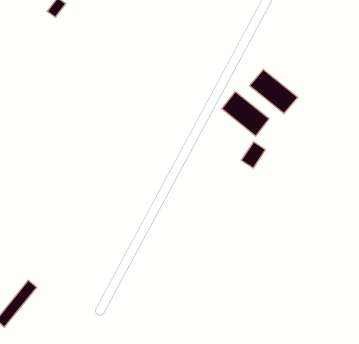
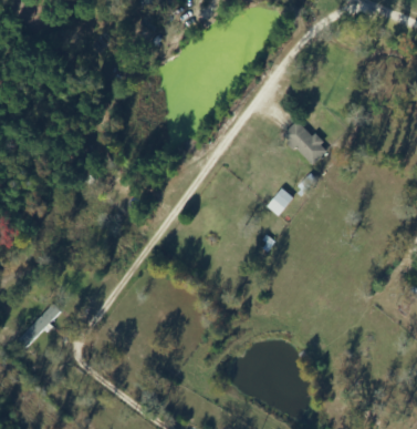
building: [222,91,269,136] -> none

